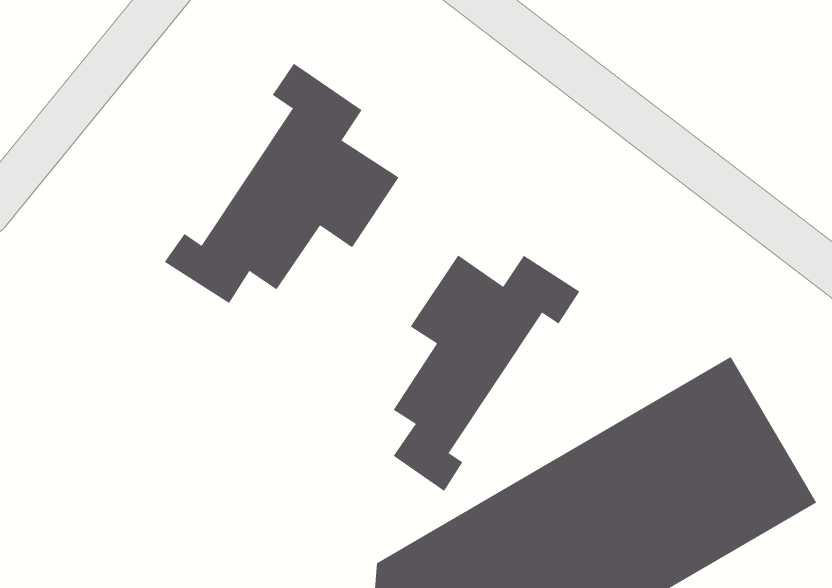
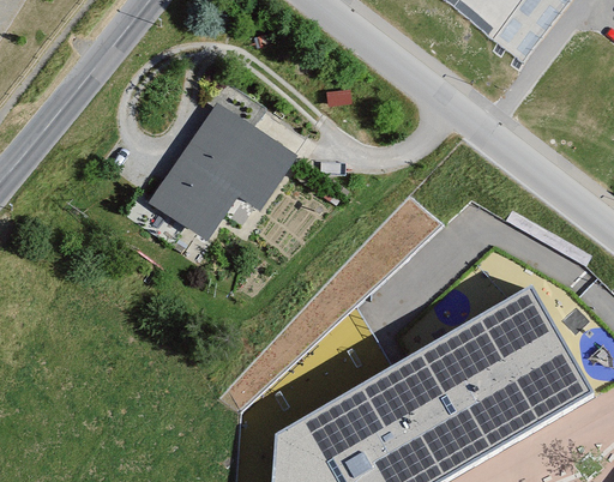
building: [393,255,580,492] -> none

